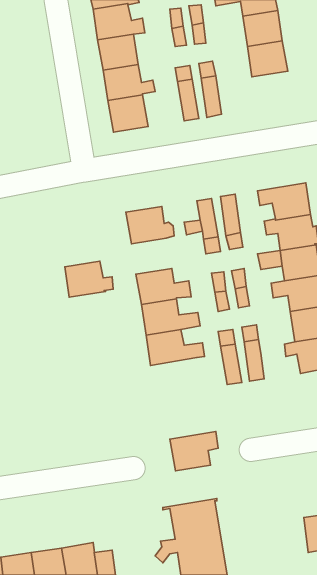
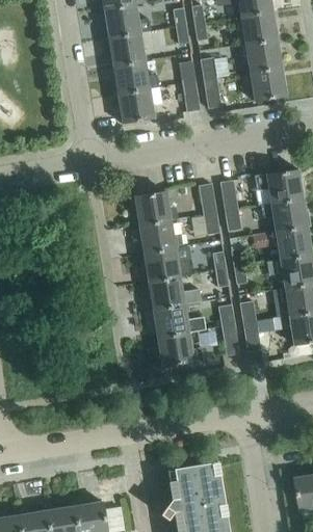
building: none -> [250,66,287,101]
building: [65,261,113,297] -> [138,220,183,254]
building: [170,431,218,471] -> [156,330,201,367]

